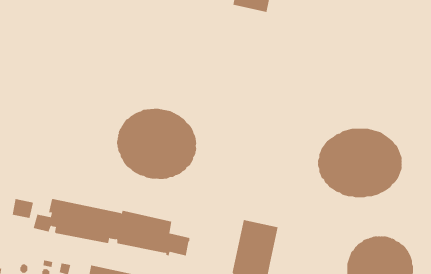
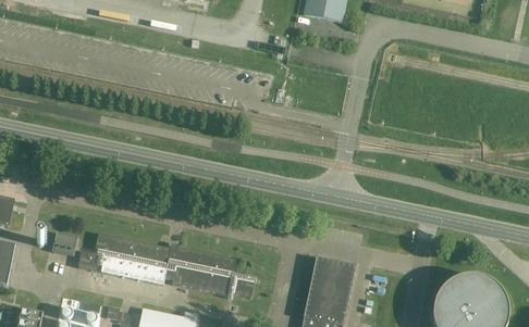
building: [116,108,197,180] -> none
building: [318,128,402,198] -> none

